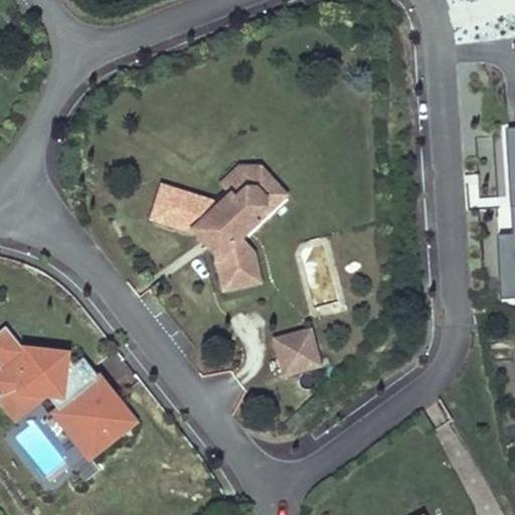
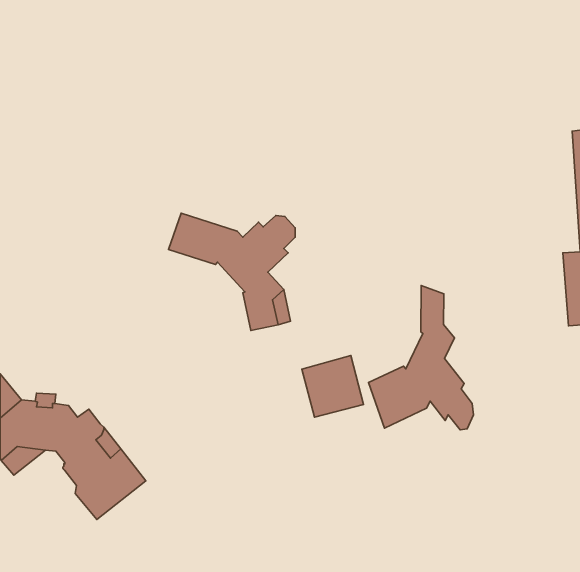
building: [211,169,285,223] -> none
building: none -> [368,285,474,430]

